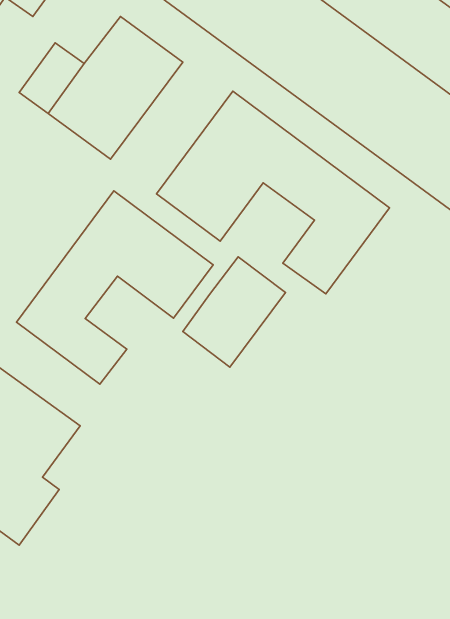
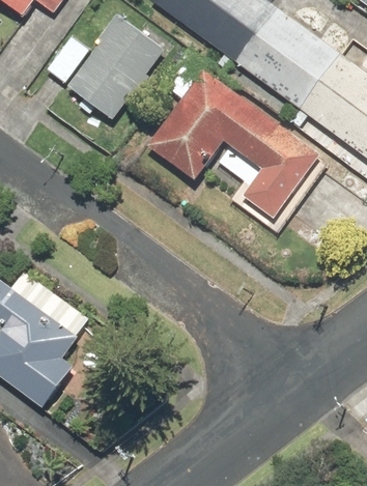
building: [16,191,213,384] -> none
building: [183,257,285,367] -> none

